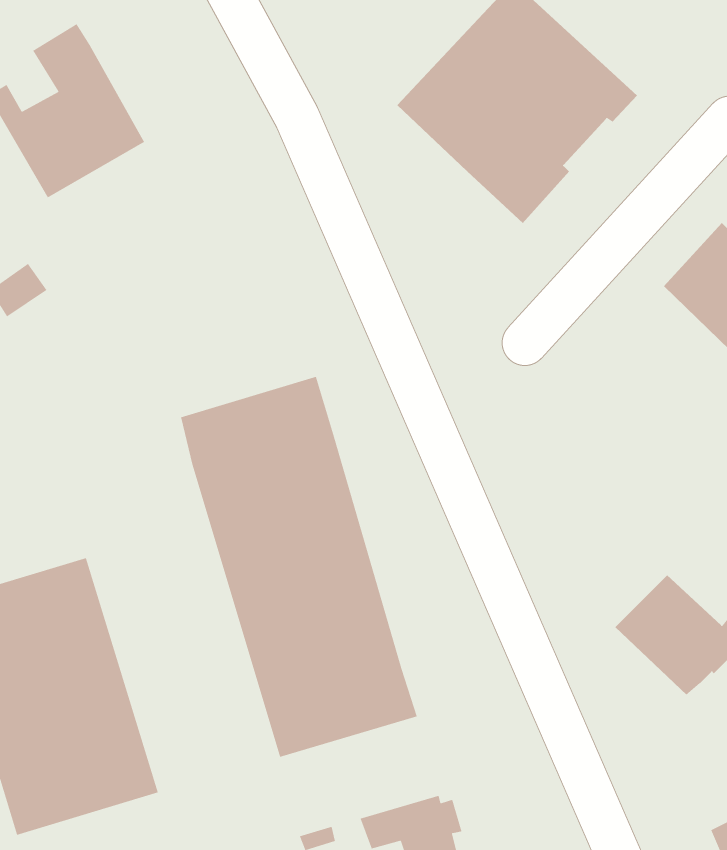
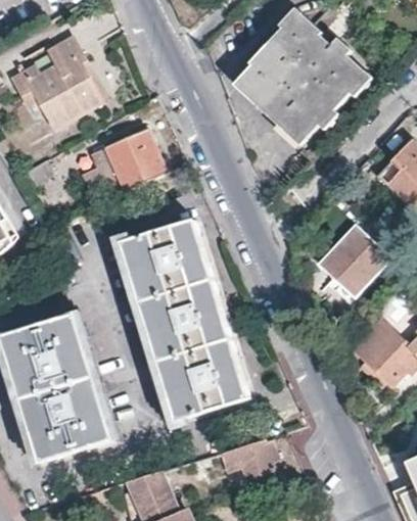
building: none -> [79,128,165,191]
building: none -> [317,221,388,299]

